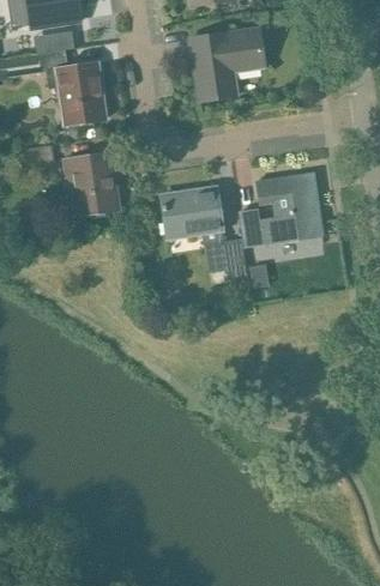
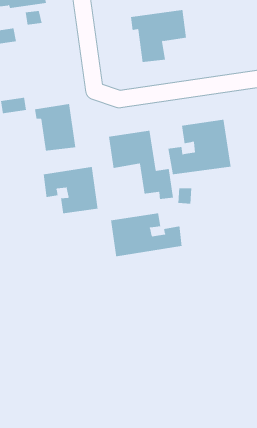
building: [58,64,105,125] -> none
building: none -> [43,166,98,214]
building: none -> [110,213,182,257]

